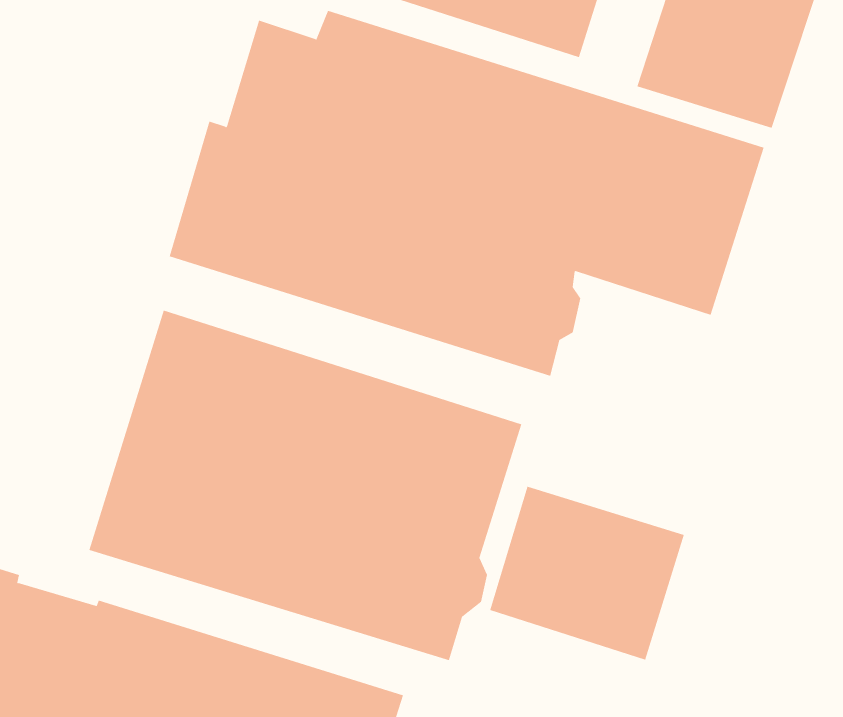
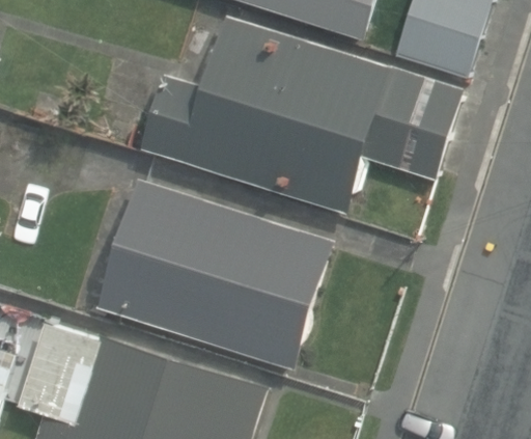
building: [489,486,684,660] -> none

